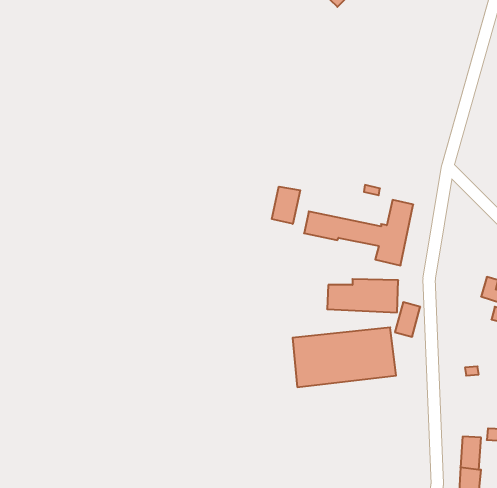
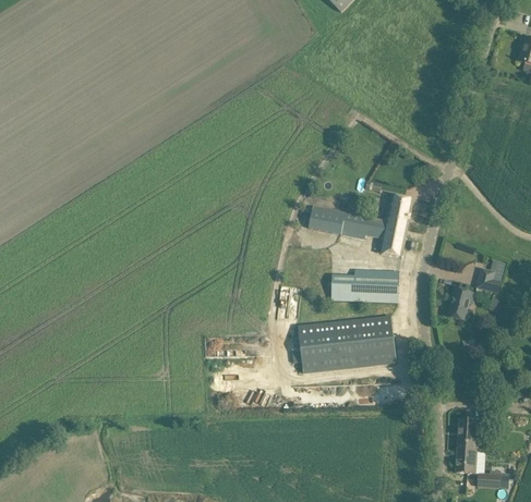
building: [272,187,300,224] -> none
building: [395,302,420,337] -> [448,287,472,320]

